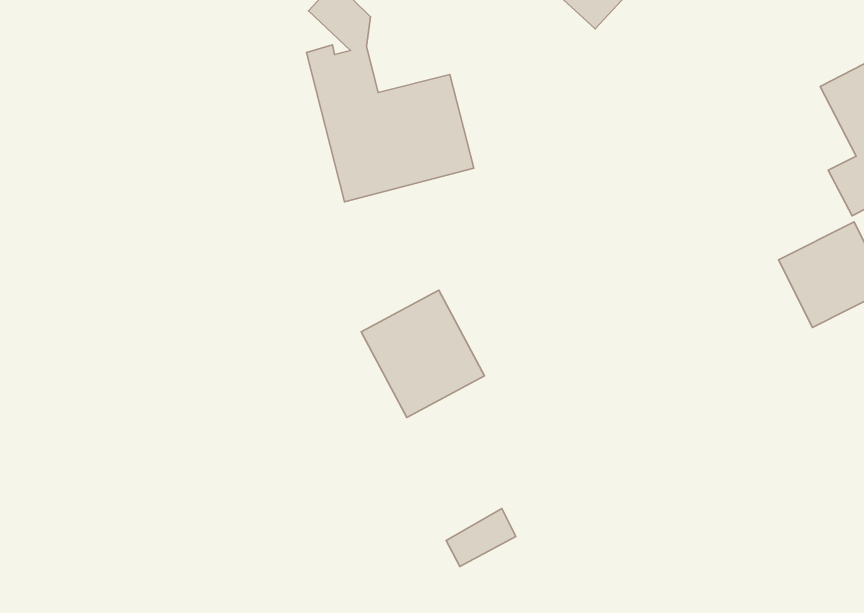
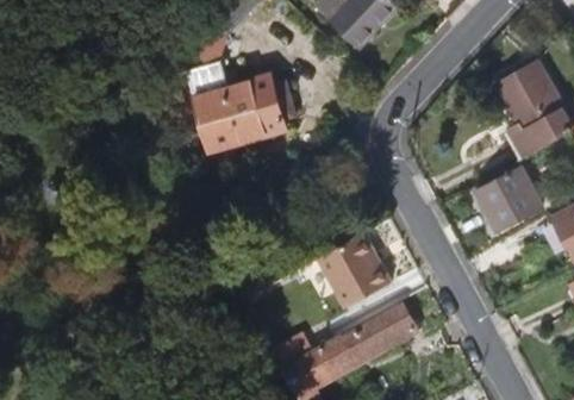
building: [361,290,485,418] -> [318,232,392,308]
building: none -> [299,307,416,389]

